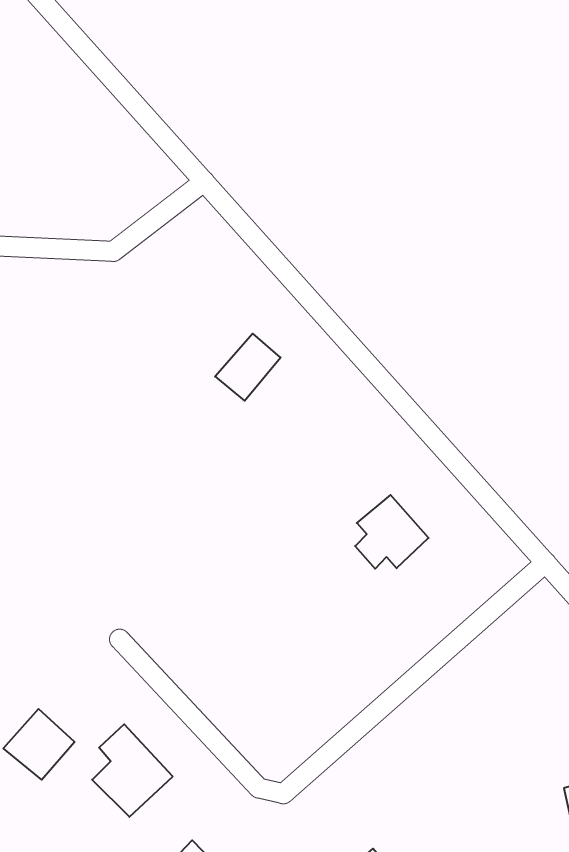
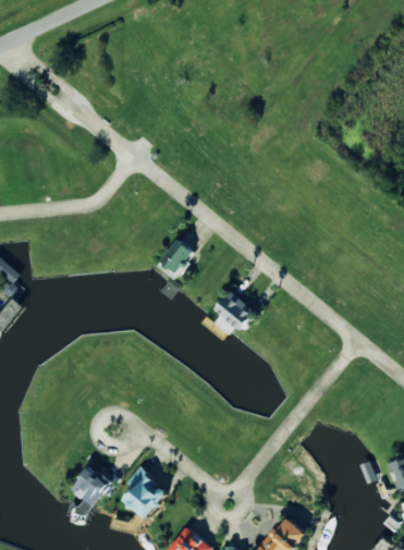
building: [355,495,429,569] -> [213,291,255,333]

